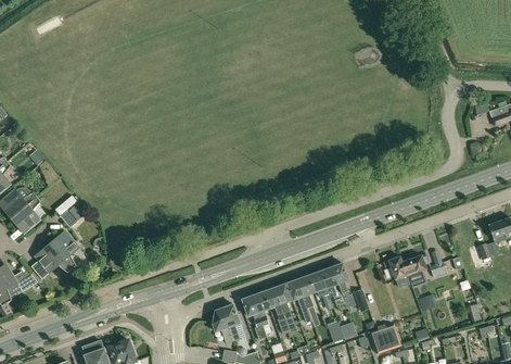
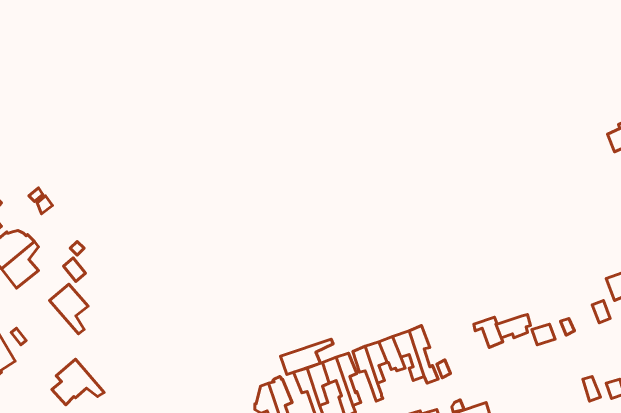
building: [30,242,72,278] -> [52,359,104,405]
building: none -> [280,339,333,374]

